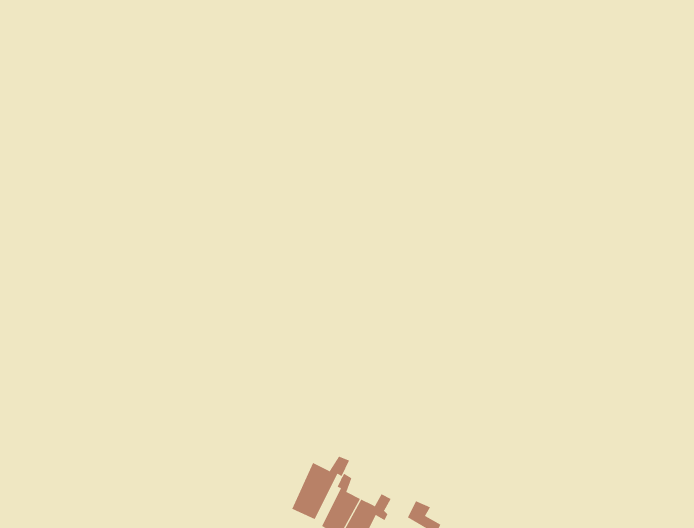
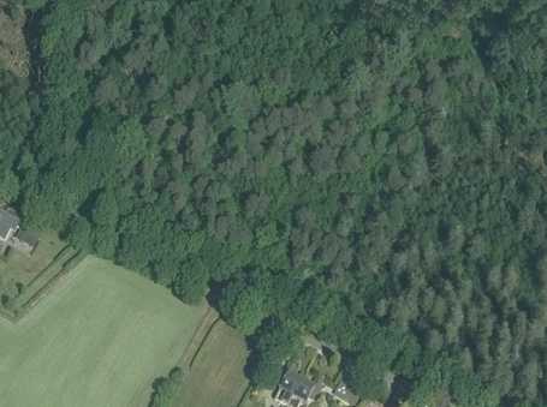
building: [291,456,350,520] -> none

